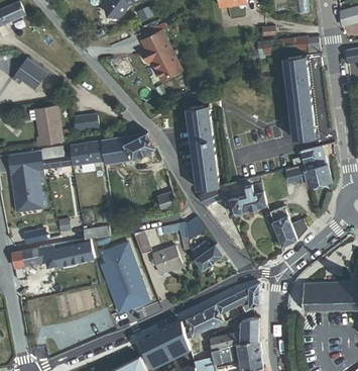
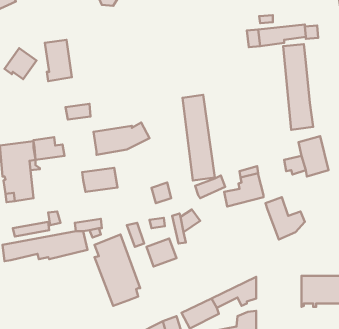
building: [138,31,176,81] -> none
building: [35,106,62,147] -> [45,40,72,81]
building: [70,142,104,165] -> [82,168,117,192]
building: [193,241,223,269] -> none

